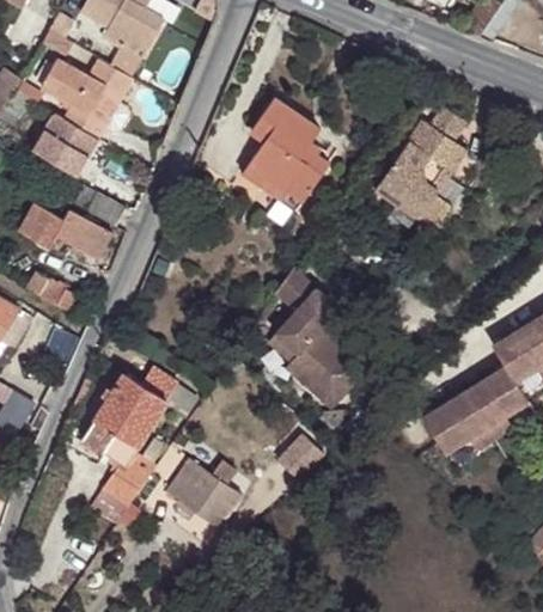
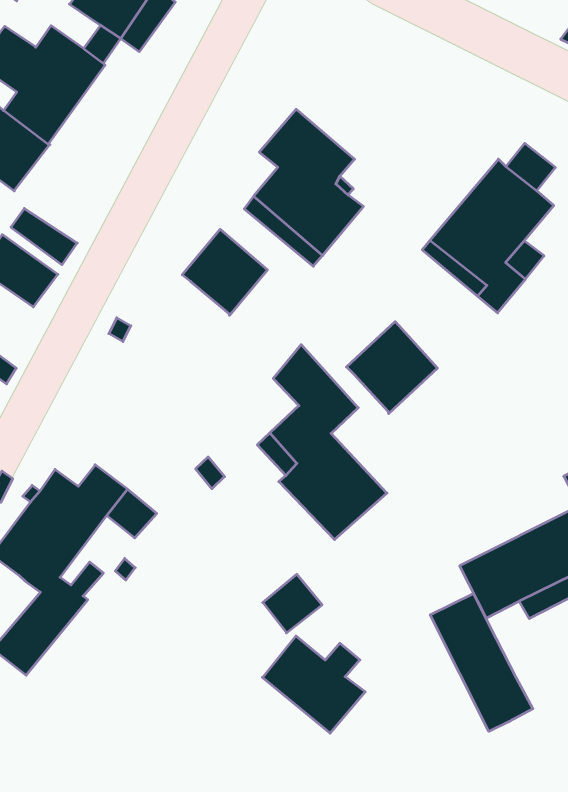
building: none -> [182,229,267,315]
building: none -> [346,322,437,414]
building: none -> [430,593,533,731]
building: [166,460,242,528] -> [262,636,365,733]

